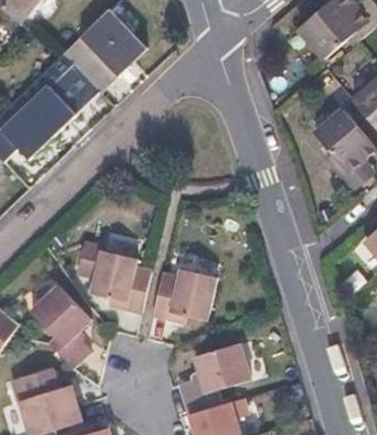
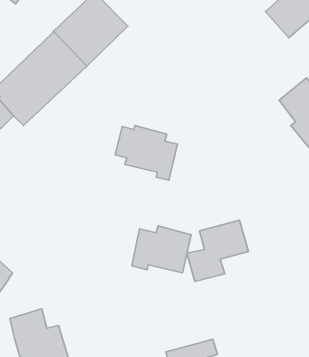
building: [78,251,148,313] -> [115,126,178,180]
building: [32,294,99,366] -> none
building: [178,343,247,412] -> [187,220,248,282]

